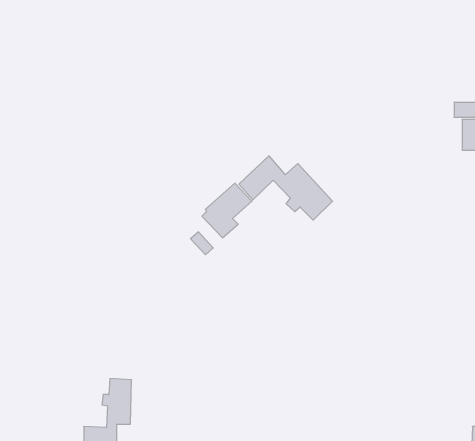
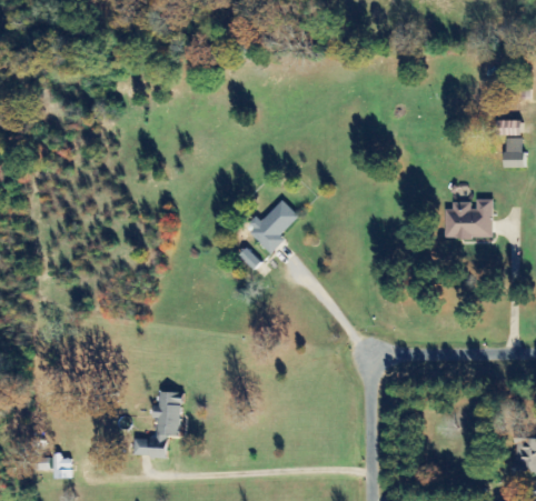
building: [239,156,333,220] -> none
building: none -> [444,199,493,238]

